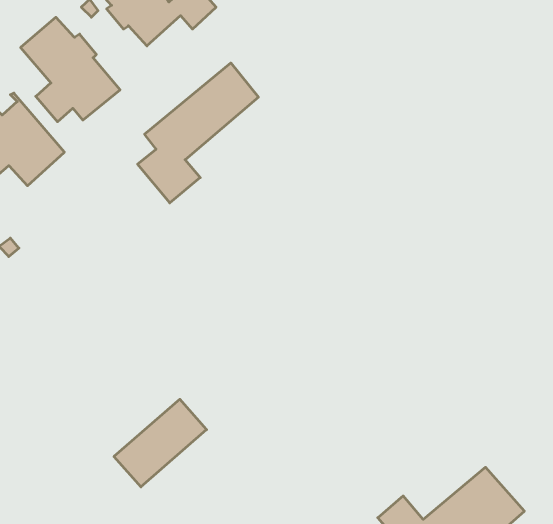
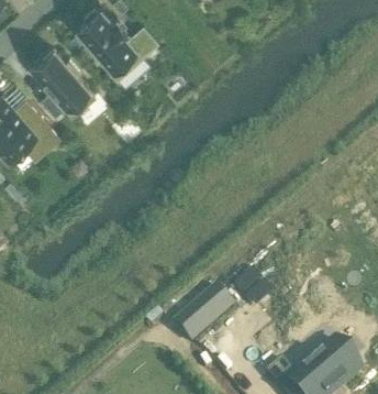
building: [138,63,258,203] -> none
building: [114,399,207,487] -> [174,285,234,342]

